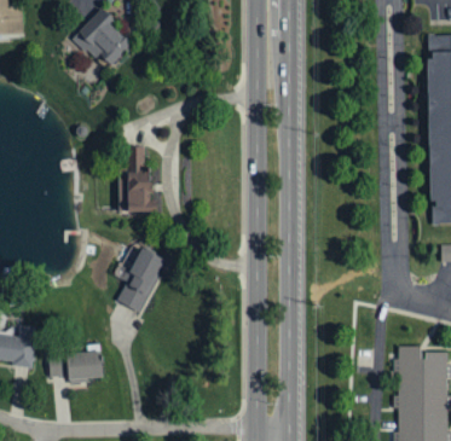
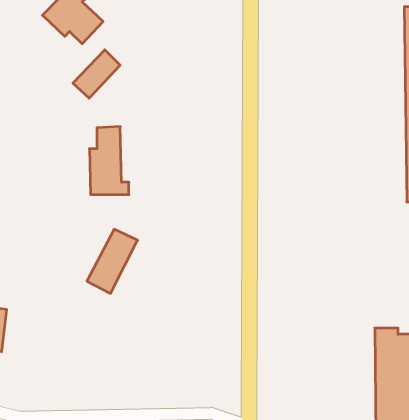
building: none -> [73,50,120,98]
building: [50,350,104,381] -> none

